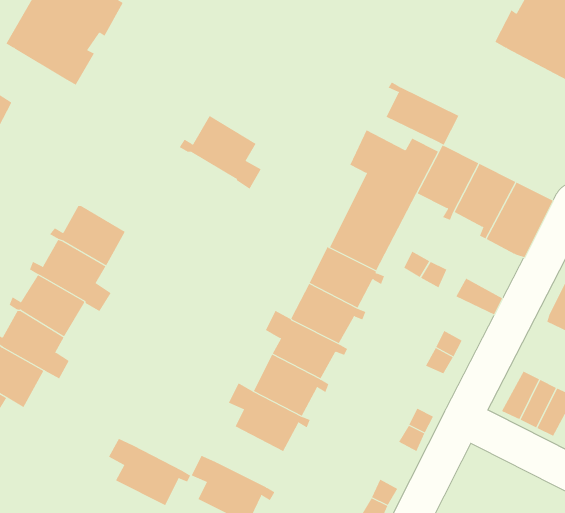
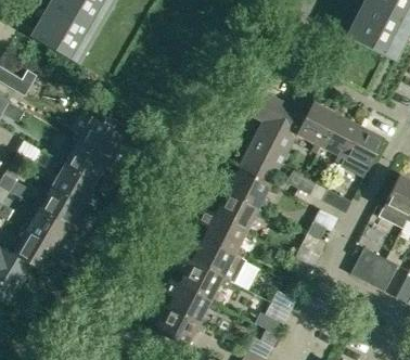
building: [386,82,459,146] -> none
building: [179,115,262,189] -> [73,117,126,165]
building: [108,438,191,506] -> [163,279,216,322]

